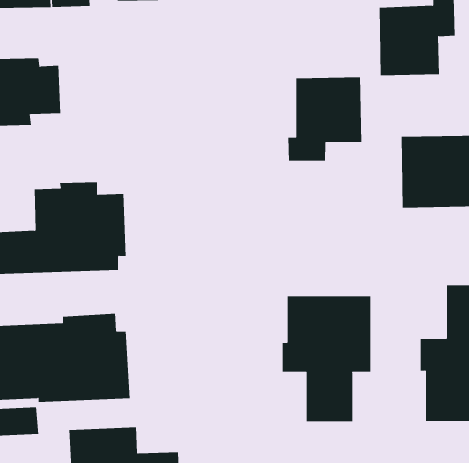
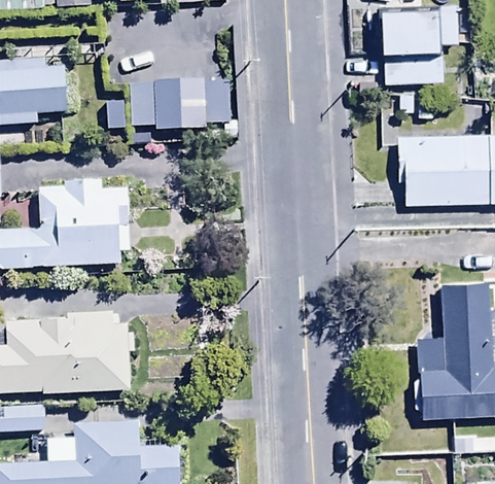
building: [288,77,362,162] -> none
building: none -> [130,80,207,131]
building: [282,295,371,422] -> none

